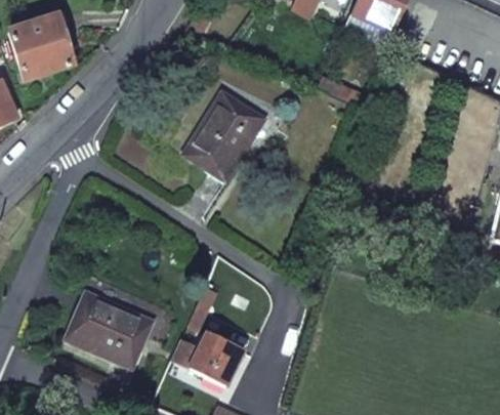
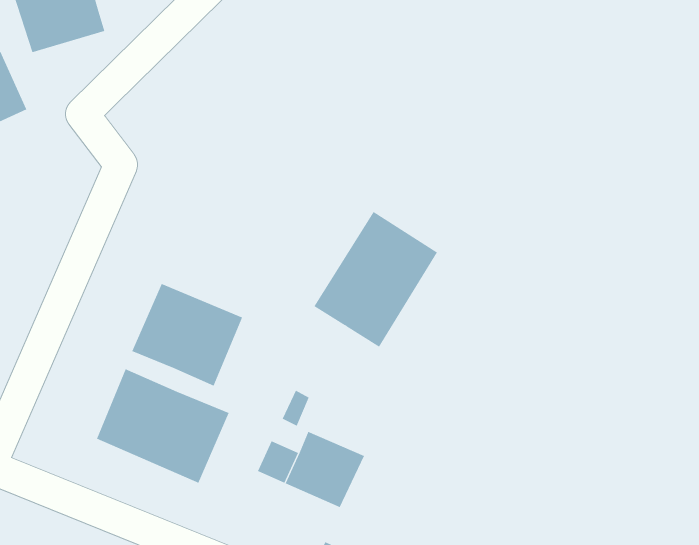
building: [182,90,265,181] -> [313,211,438,348]
building: none -> [131,283,243,386]

